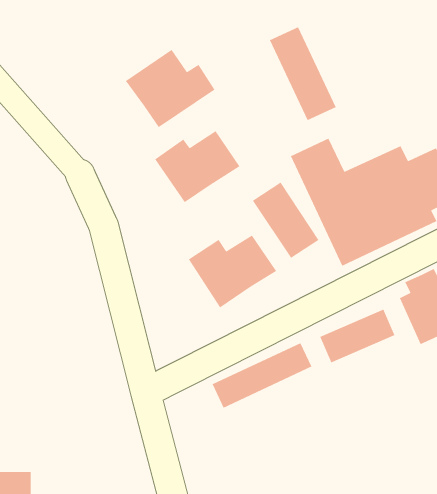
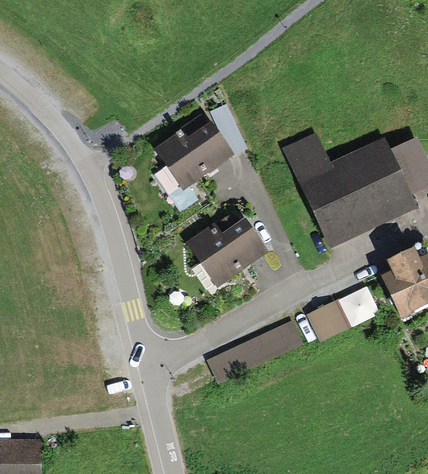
building: [269,26,337,121] -> none
building: [125,49,215,128] -> none
building: [252,182,320,259] -> none

